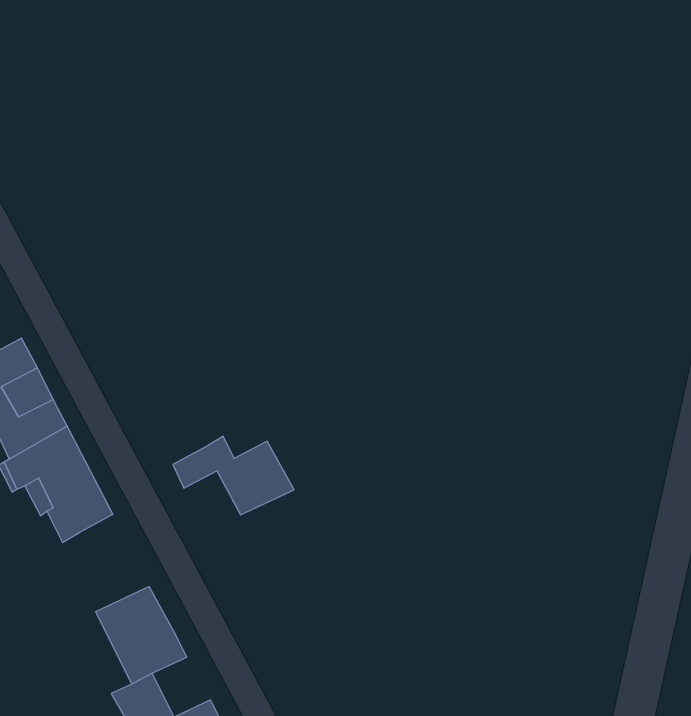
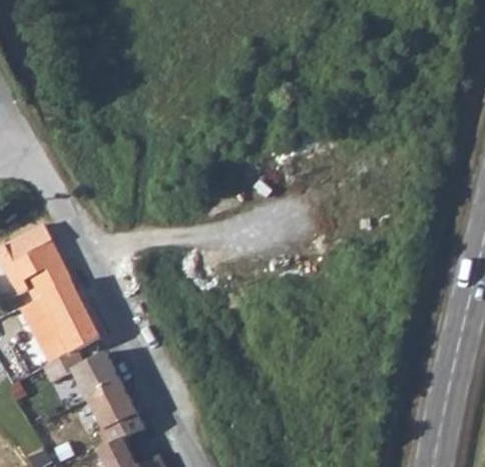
building: [173,436,294,515] -> [44,349,121,399]

